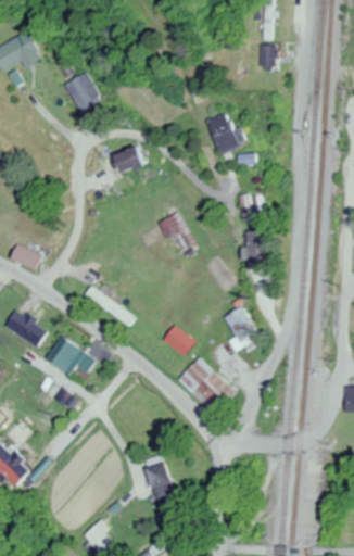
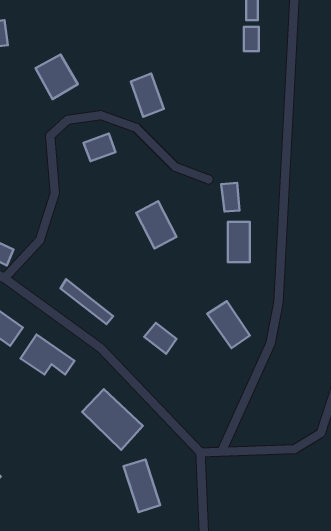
building: [205,113,237,154] -> [131,73,164,117]
building: [180,357,238,415] -> [82,389,143,450]

